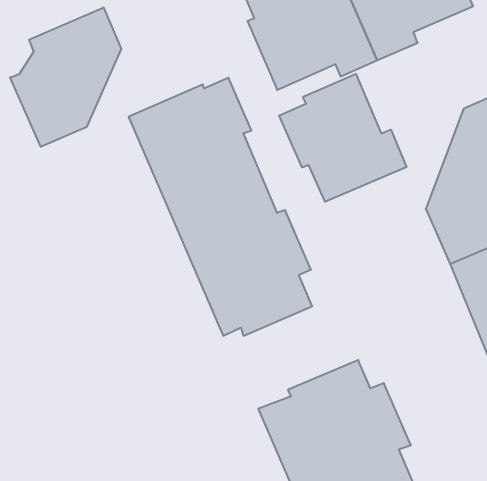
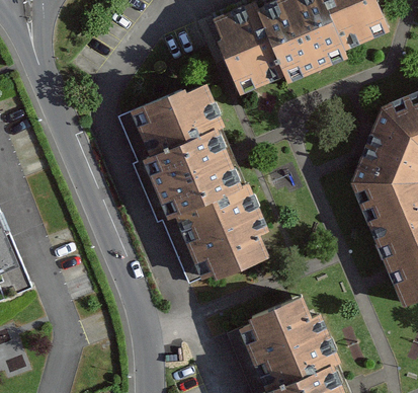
building: [10,7,121,147] -> none
building: [279,74,407,202] -> none

